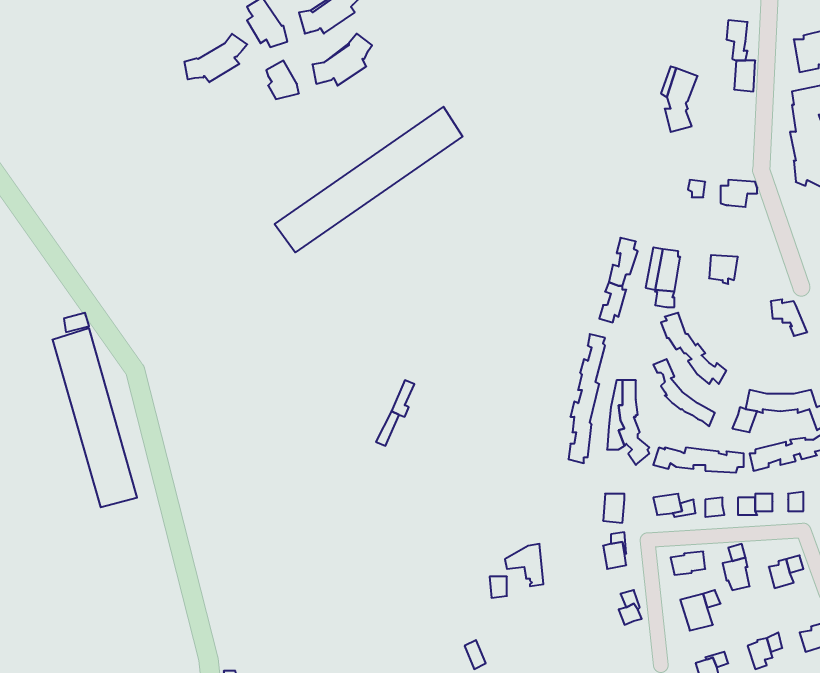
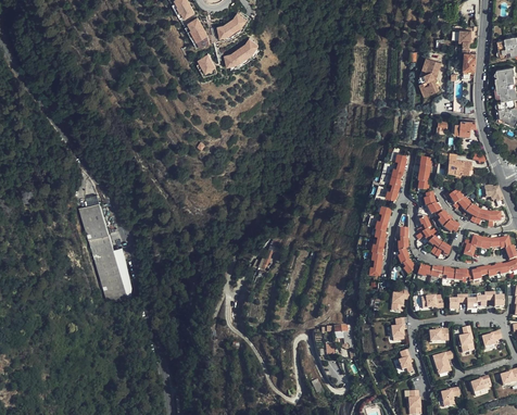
building: [184,34,247,82] -> none
building: [275,107,463,252] -> none
building: none -> [449,191,501,222]

